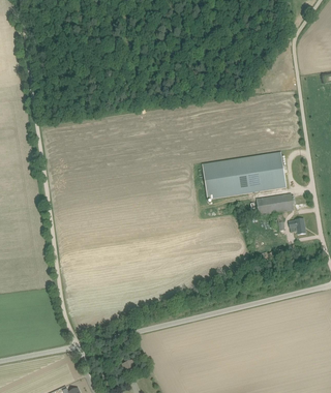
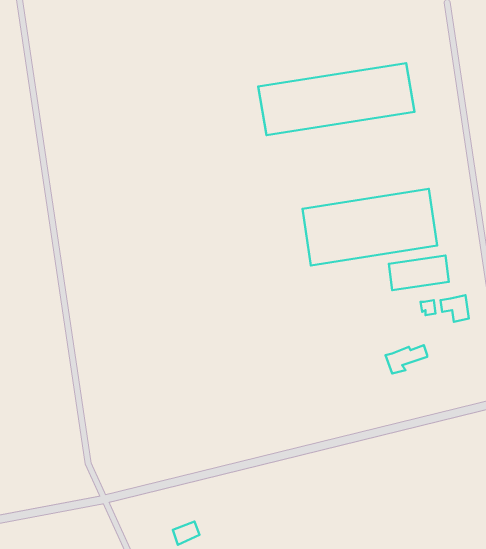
building: none -> [258,63,415,135]

